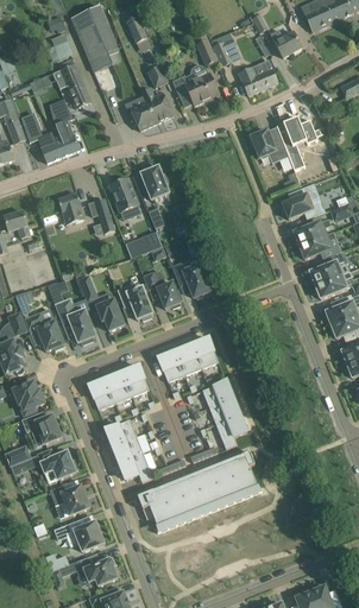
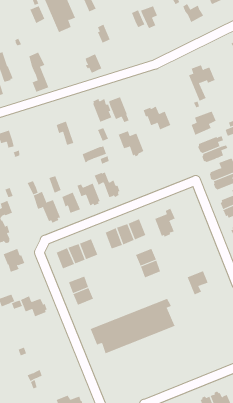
building: [52,57,90,108] -> none
building: [238,59,277,95] -> none
building: [171,64,218,104] -> none
building: [140,88,172,122] -> none
building: [20,114,59,163] -> none
building: [247,128,288,163] -> [143,106,171,130]
building: [109,178,140,216] -> [108,96,130,123]
building: [57,191,83,221] -> none
building: [171,260,209,298] -> [118,131,144,157]
building: [25,316,63,350] -> none
building: none -> [154,208,176,237]
building: [215,413,246,449] -> [187,270,208,295]
building: [21,414,61,443] -> none
building: [119,452,153,482] -> none
building: [49,484,89,514] -> none
building: [53,517,103,551] -> none
building: [73,552,118,585] -> none

